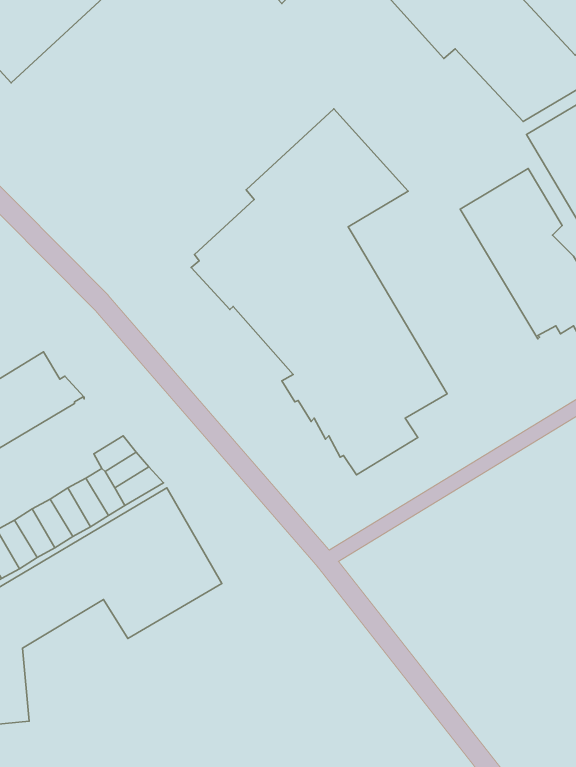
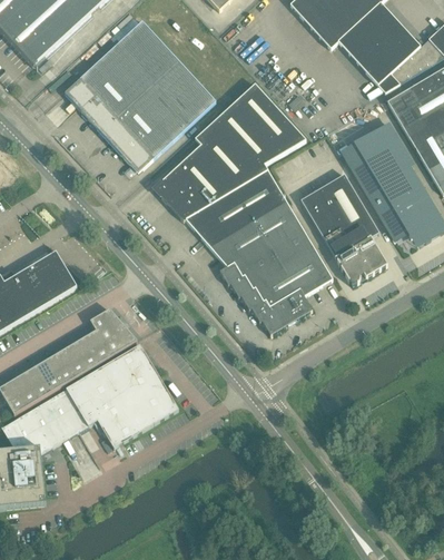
building: none -> [65,20,216,171]
building: none -> [300,174,387,285]

